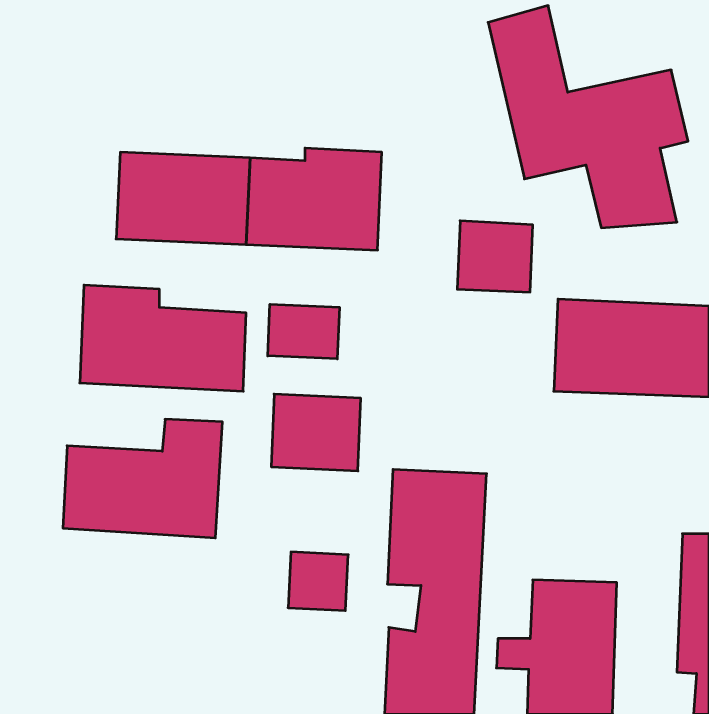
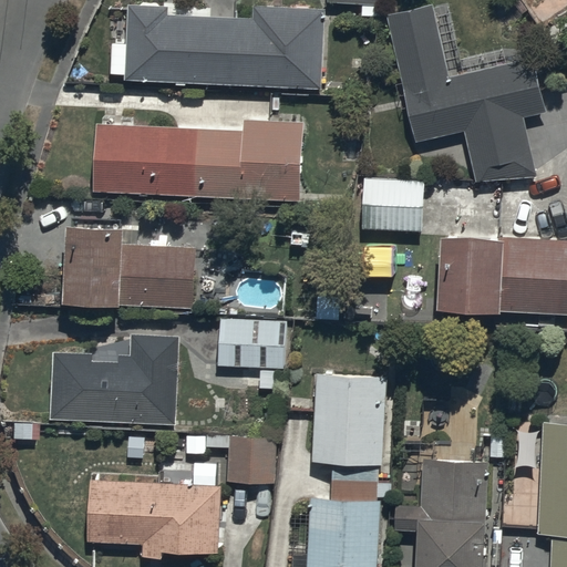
building: none -> [123,6,327,90]
building: [268,304,339,359] -> none
building: none -> [85,486,218,554]

